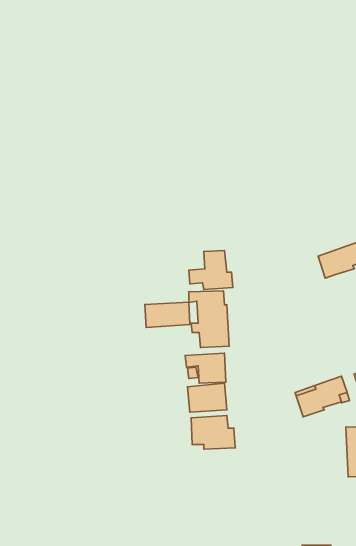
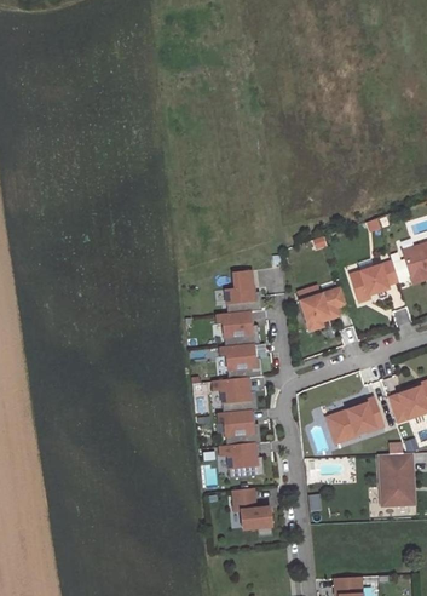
building: none -> [300,287,346,329]
building: [145,302,190,328] -> none
building: none -> [231,488,273,531]

